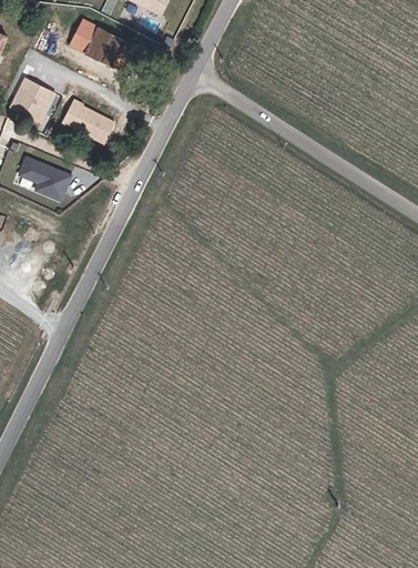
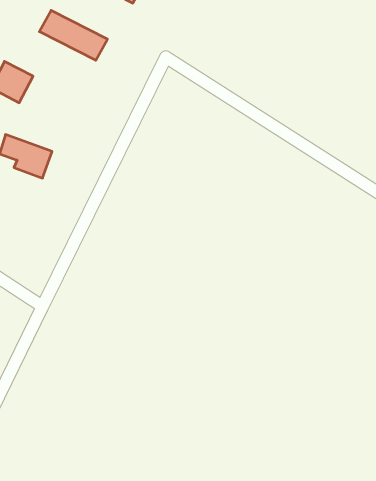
building: [62,95,121,144] -> none

